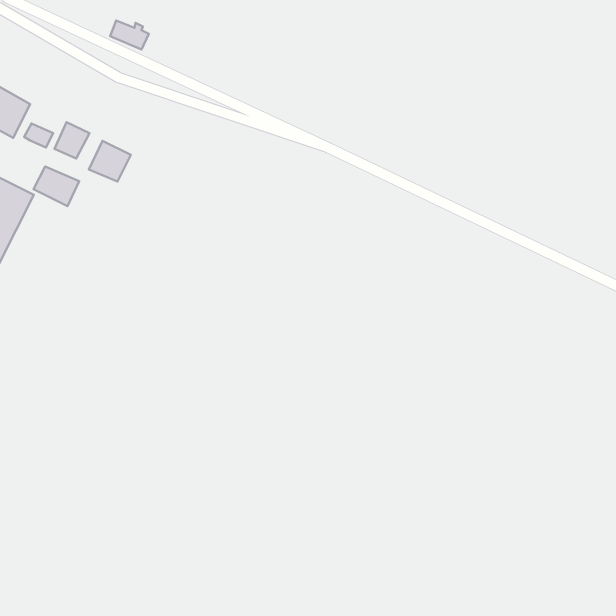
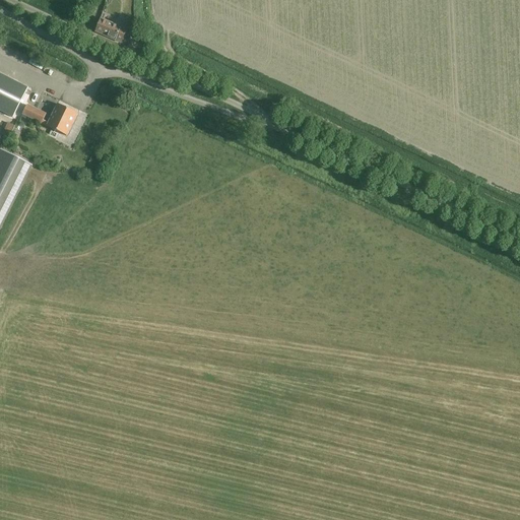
building: [89,141,131,182] -> none
building: [33,166,79,206] -> none

